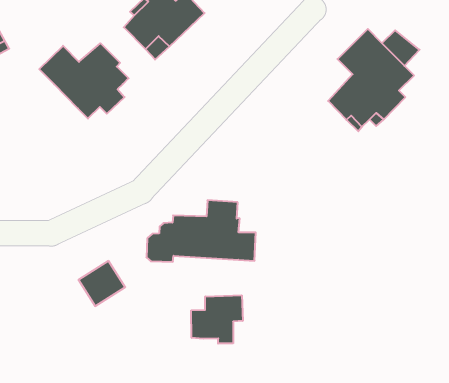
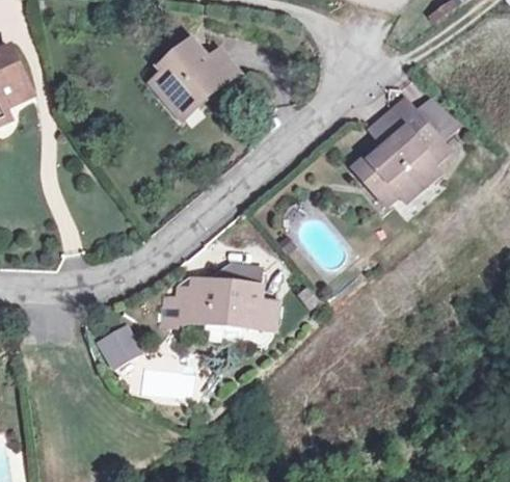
building: [39,43,129,119] -> none
building: [191,295,243,344] -> none

